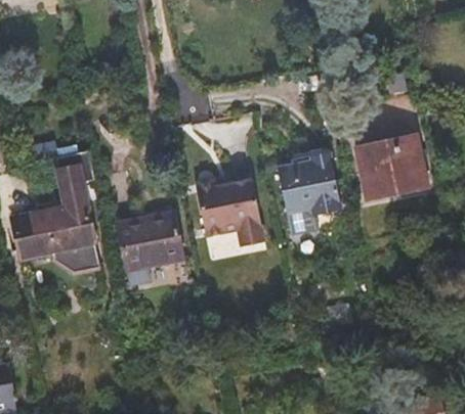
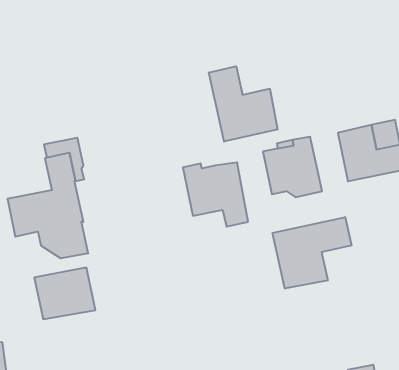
building: none -> [209,66,278,142]
building: [118,213,181,266] -> [34,268,95,319]
building: none -> [273,217,352,289]

